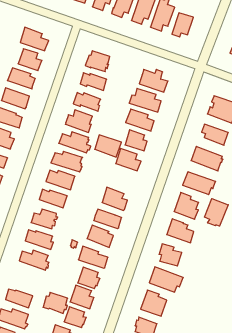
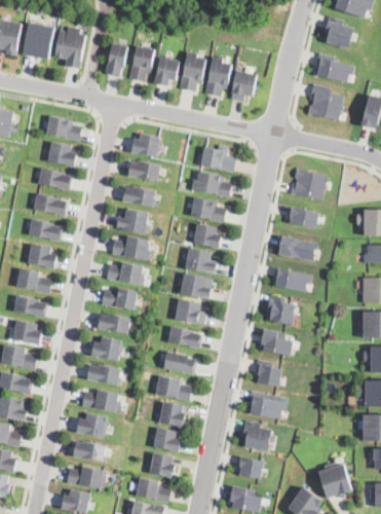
building: [95,135,121,157] -> [180,274,212,299]
building: [205,199,228,226] -> none
building: [43,292,68,313] -> [76,413,106,437]

